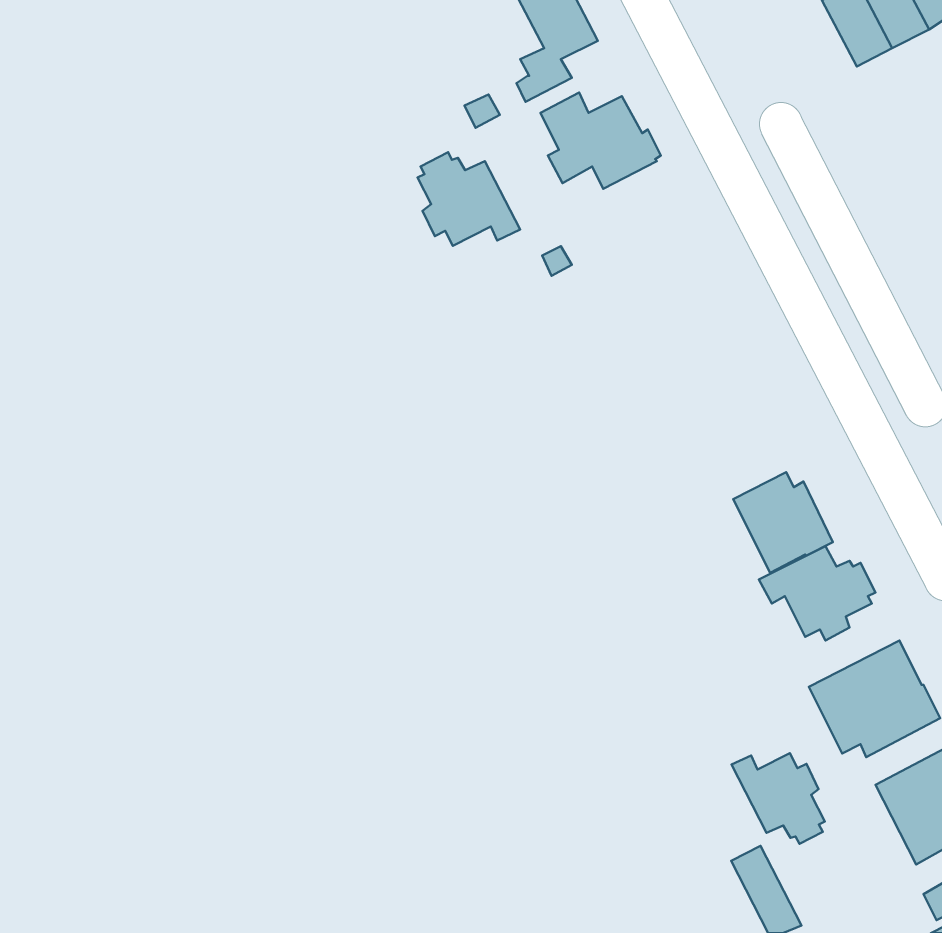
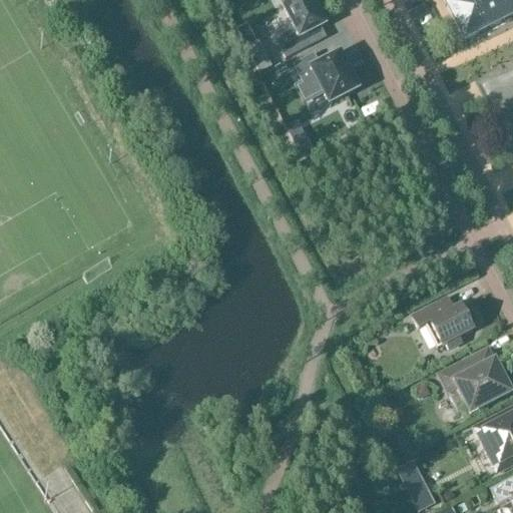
building: [418,152,520,246] -> none
building: [733,472,833,573] -> none
building: [732,753,825,844] -> none

